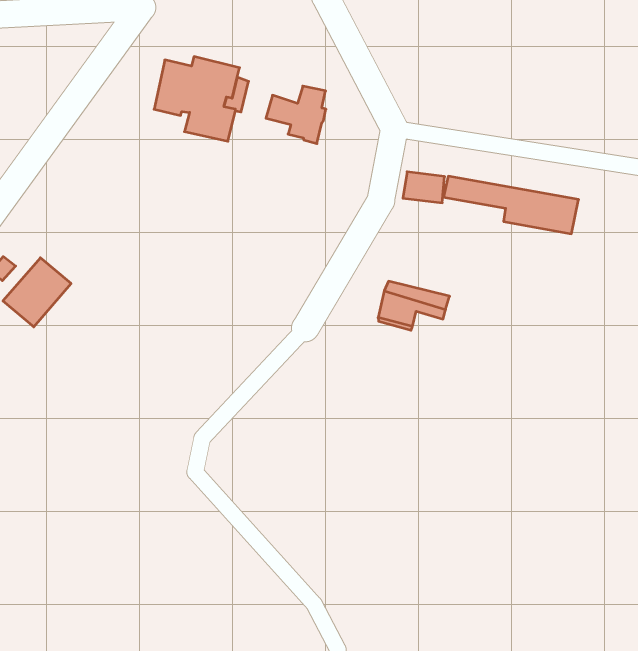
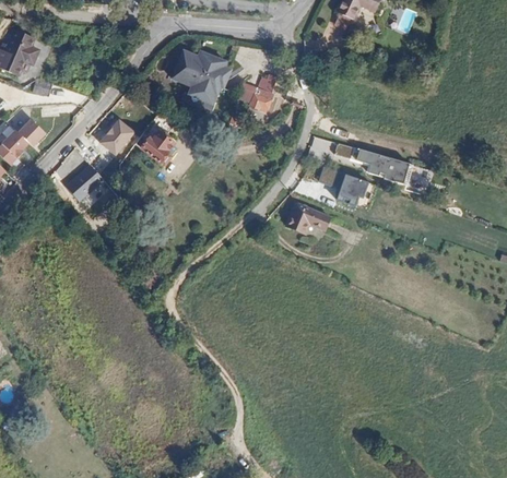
building: none -> [101,117,139,156]
building: none -> [140,132,172,165]
building: none -> [337,172,373,207]

